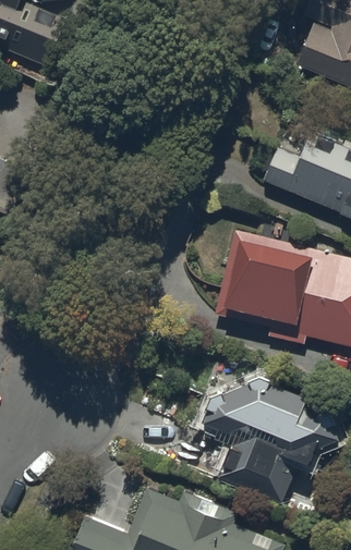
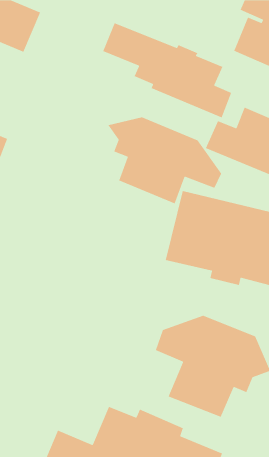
building: none -> [102,22,232,118]
building: none -> [107,117,222,204]

